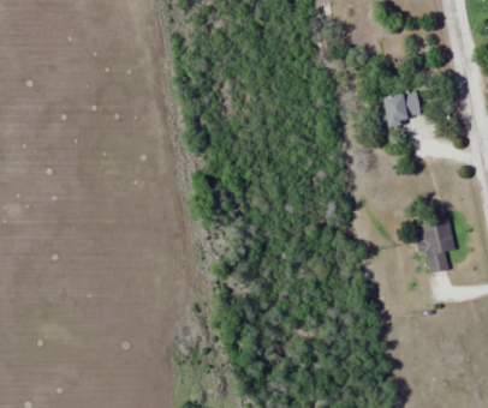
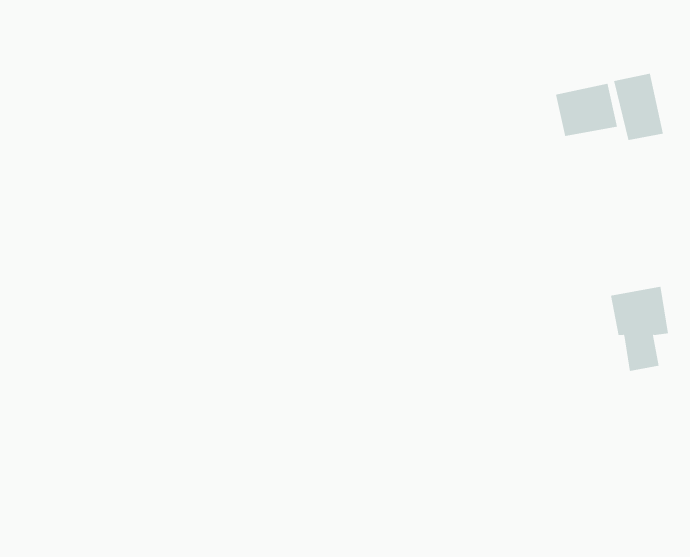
building: none -> [614,73,663,141]

